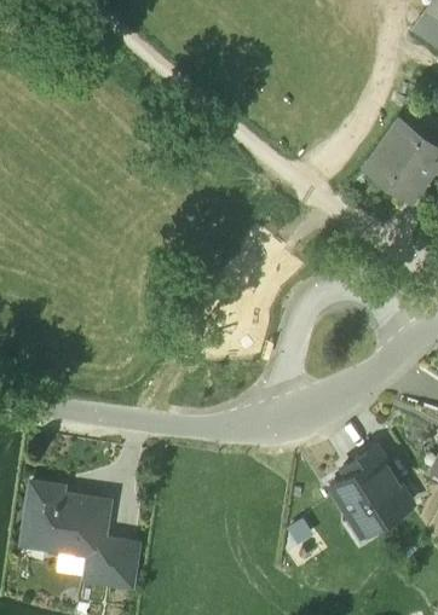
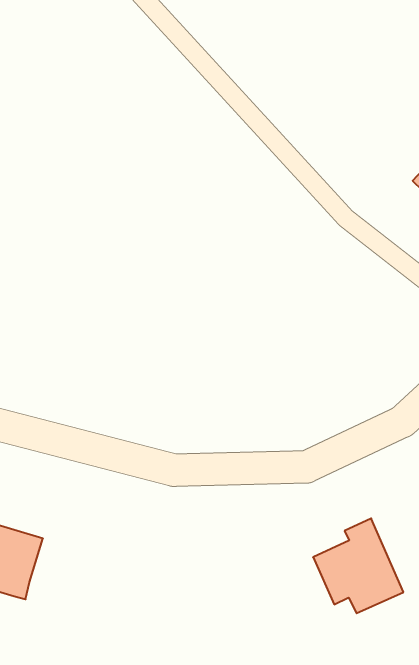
building: [87,541,136,585] -> none

